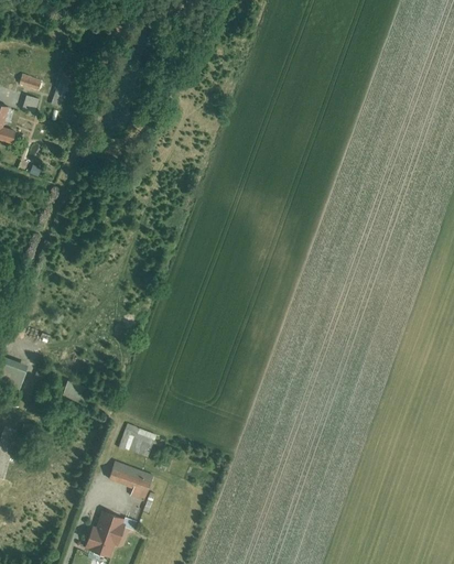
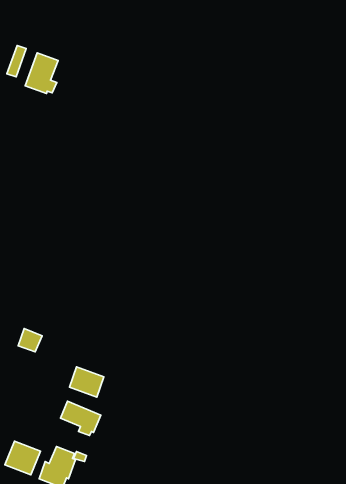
building: none -> [25,53,58,93]
building: none -> [5,441,40,475]

